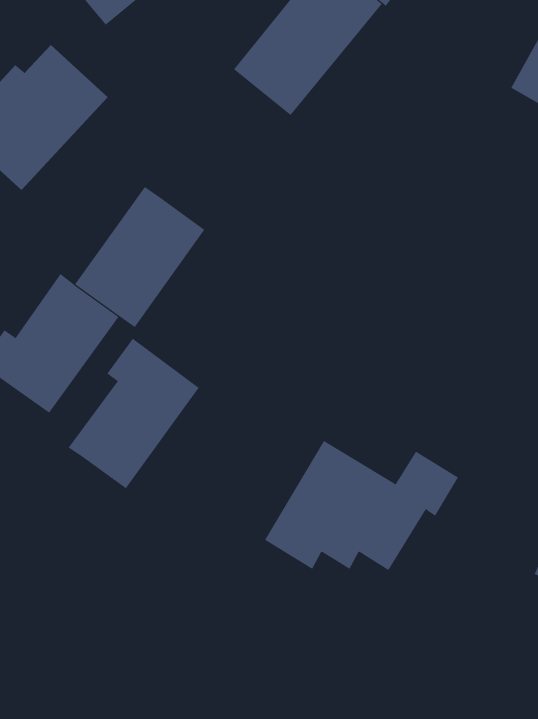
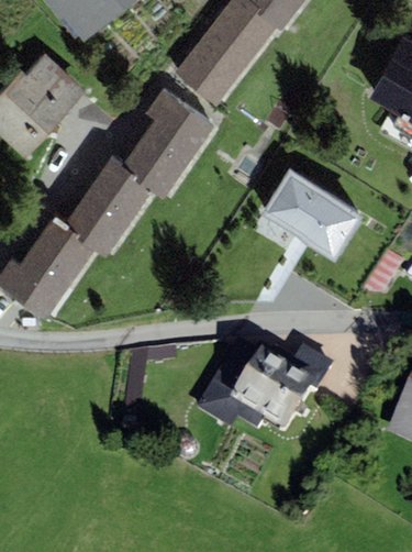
building: none -> [122,88,215,195]
building: none -> [260,158,363,249]
building: [68,338,200,489] -> none

